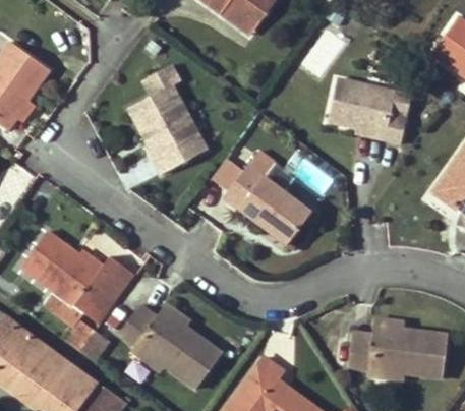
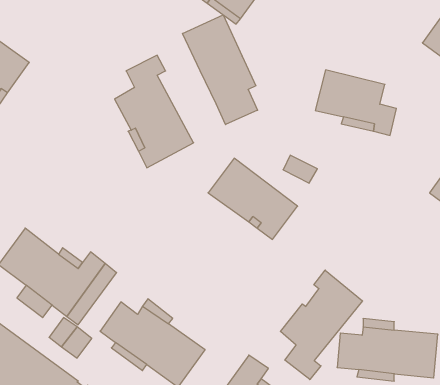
building: none -> [183,15,258,125]
building: none -> [280,270,363,380]

